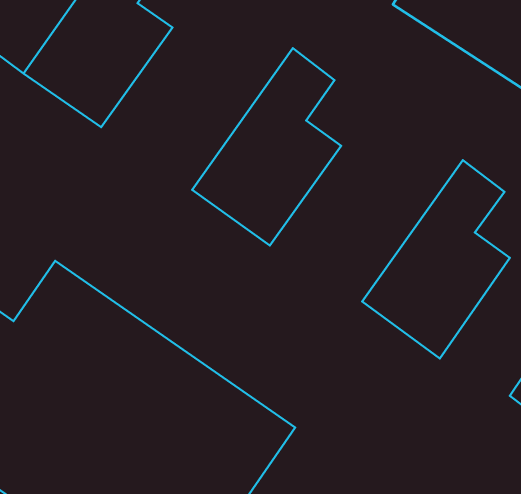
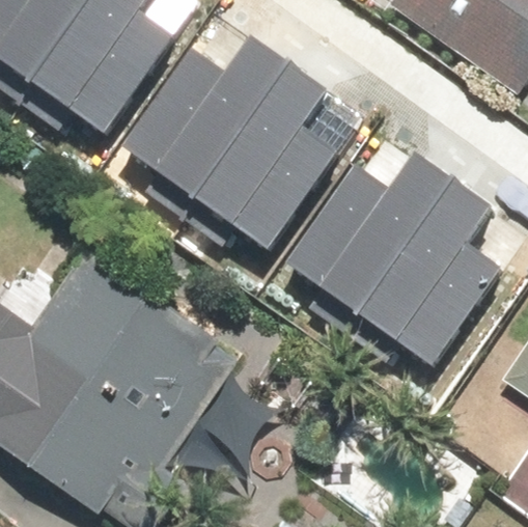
building: none -> [123,31,293,194]
building: none -> [284,137,453,300]

